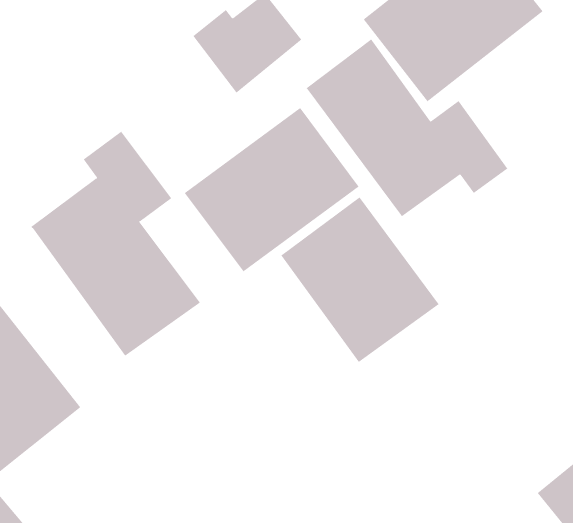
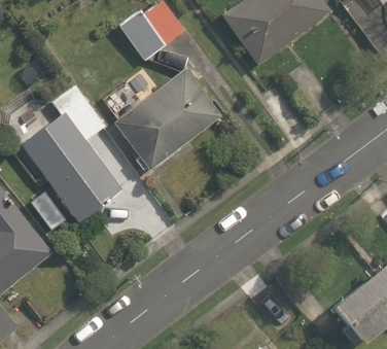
building: [306,38,508,217] -> none
building: [280,196,440,363] -> none

